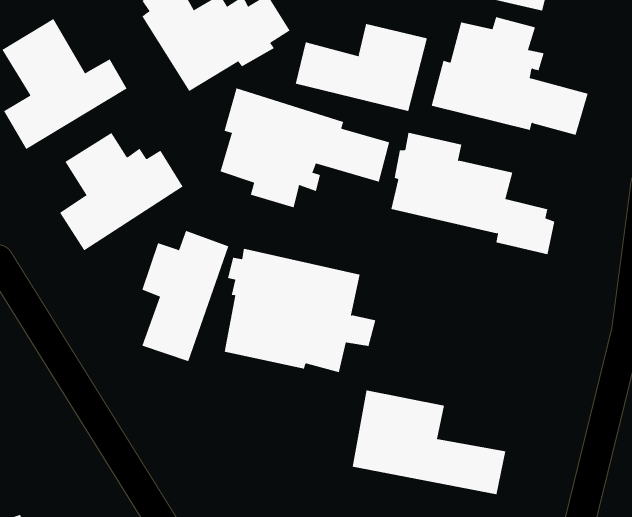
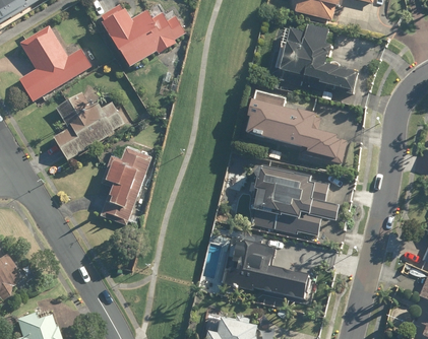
building: [295,23,428,112] -> none
building: [220,87,390,208] -> none
building: [224,248,376,373] -> [251,163,340,235]

